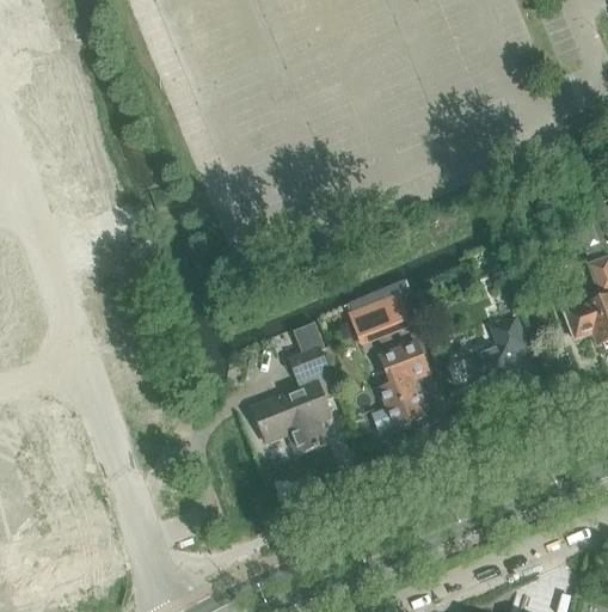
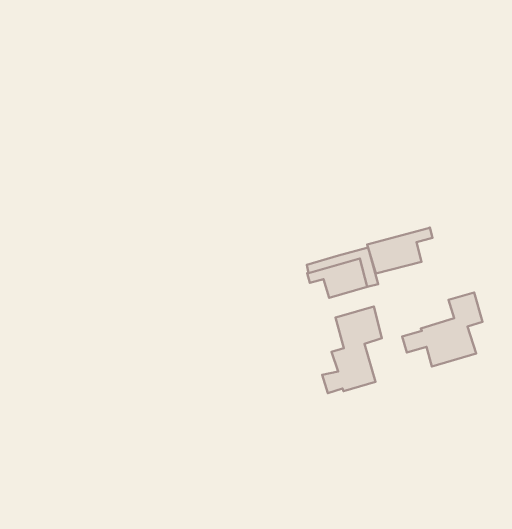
building: none -> [367,228,433,274]
building: [252,322,337,453] -> none

